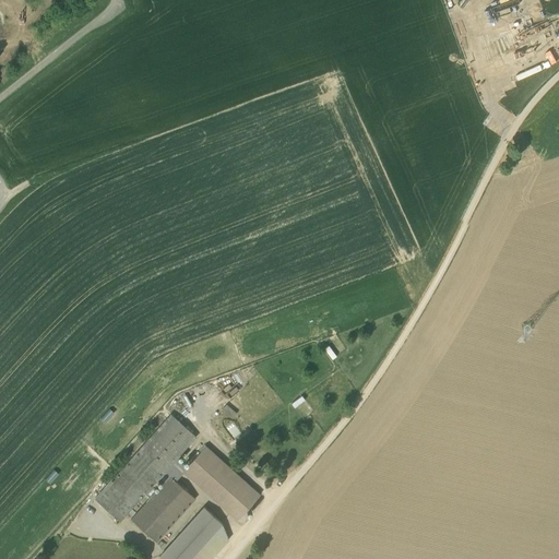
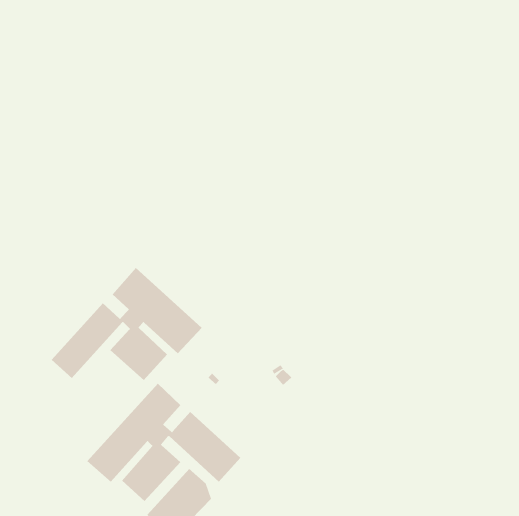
building: none -> [51,267,203,381]

